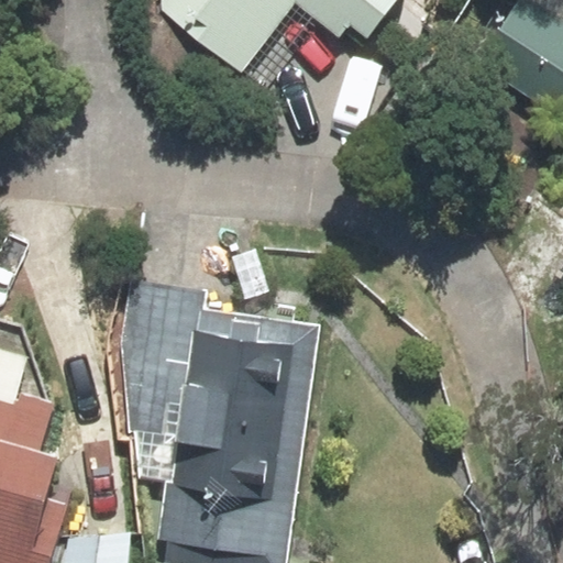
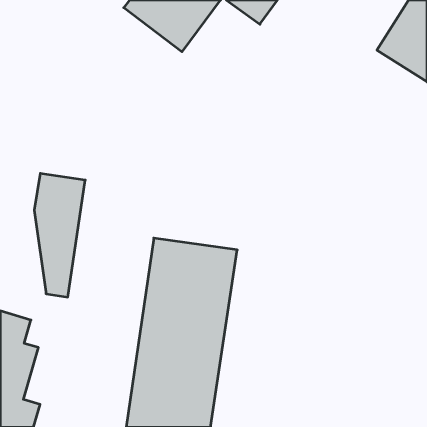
building: [132,287,199,450] -> [34,173,85,297]

